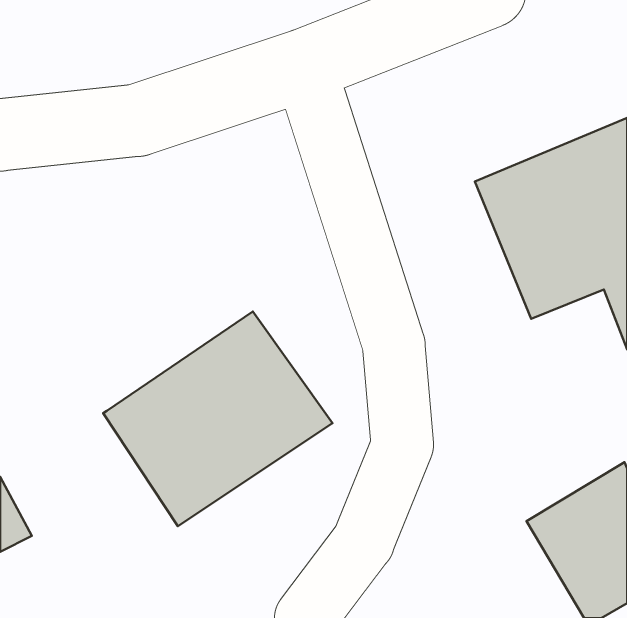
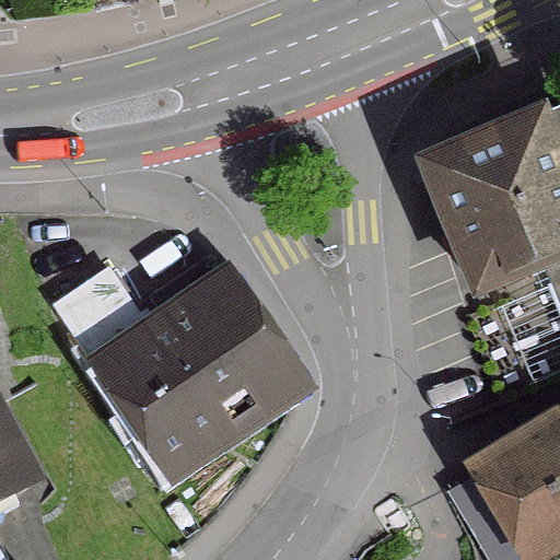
building: none -> [48,264,133,347]

